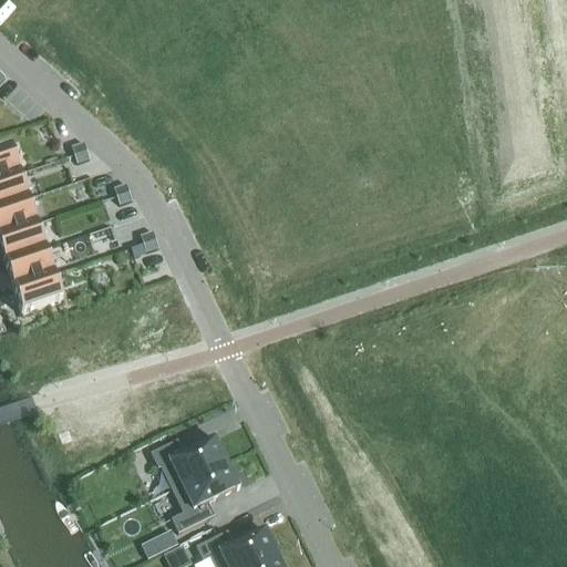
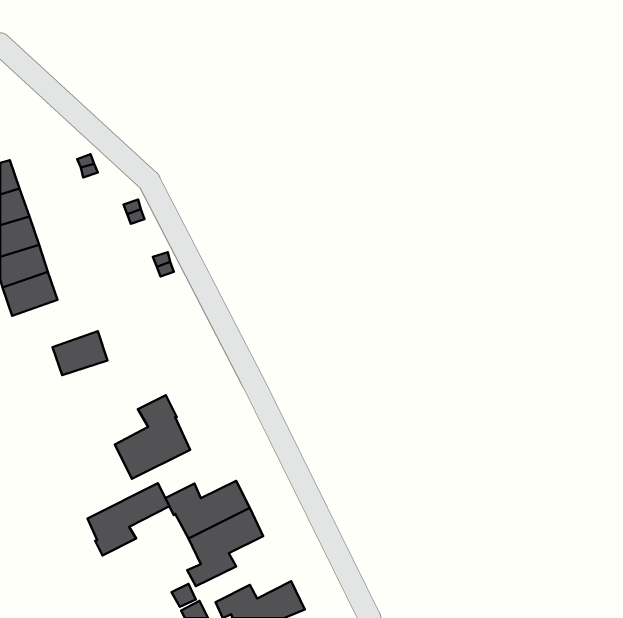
building: [13,271,63,311] -> [52,331,108,375]
building: none -> [115,395,190,479]
building: none -> [88,483,169,555]

